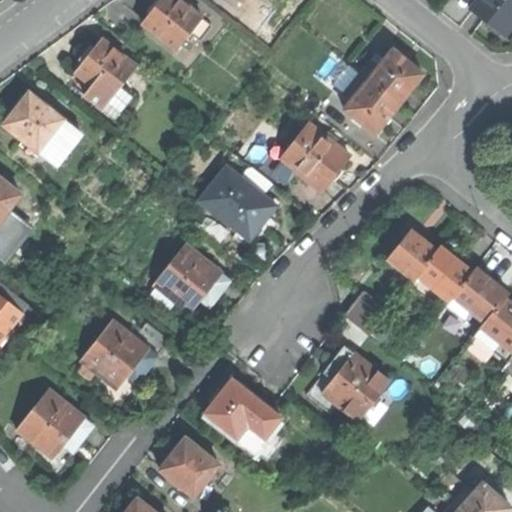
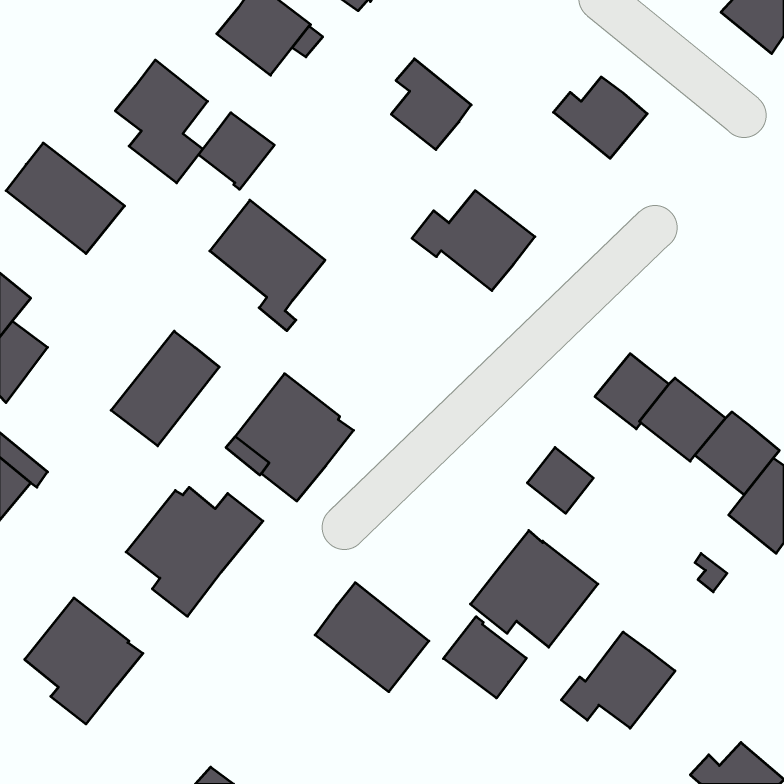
building: [345,73,397,132] -> [391,59,471,150]
building: none -> [199,113,274,189]
building: [200,166,275,251] -> [210,200,325,331]
building: none -> [111,331,219,446]
building: none -> [443,617,526,698]
building: none -> [561,632,675,728]
building: [160,438,218,499] -> none

